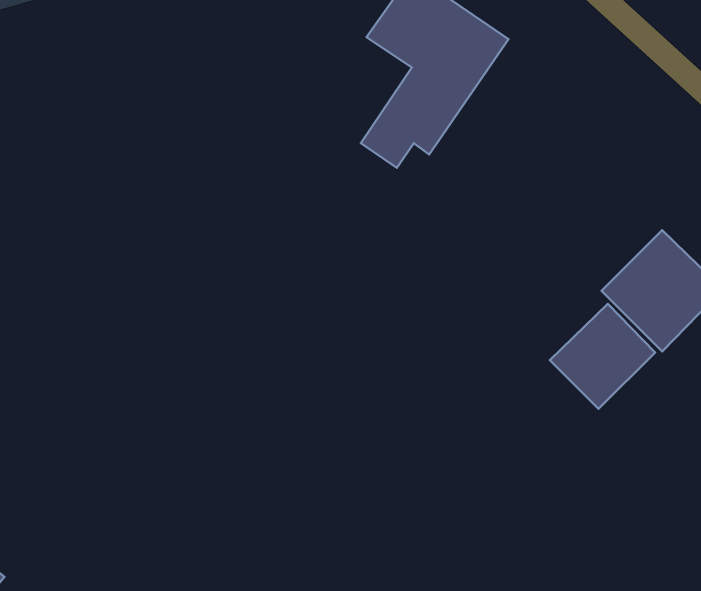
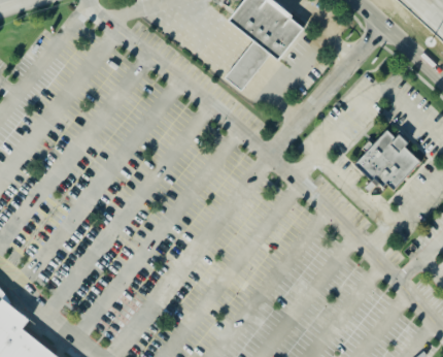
building: [550,304,655,409] -> none

